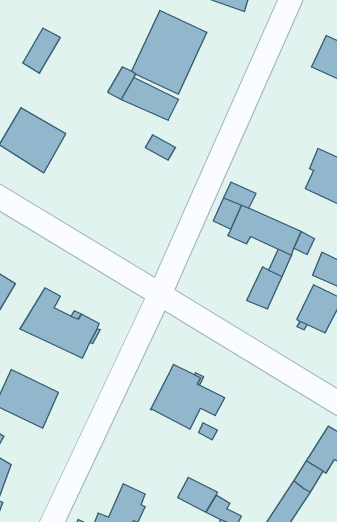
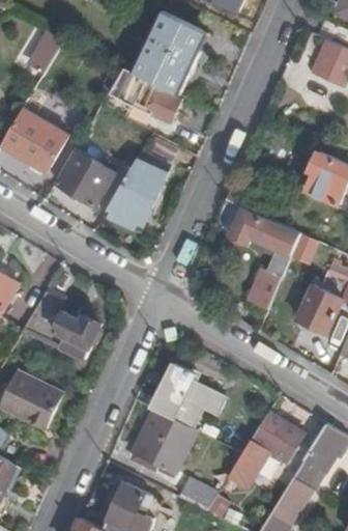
building: none -> [55,150,113,206]
building: none -> [104,153,166,234]
building: none -> [133,409,195,478]
building: none -> [229,413,302,484]

